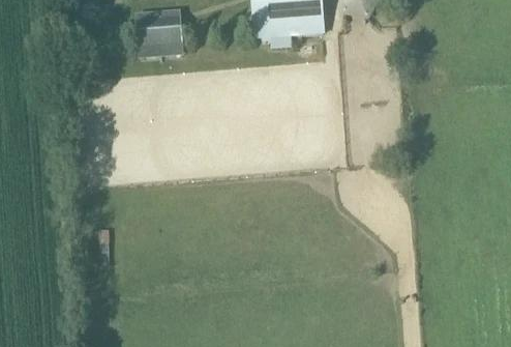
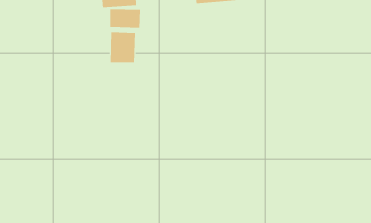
building: none -> [110,32,135,63]

